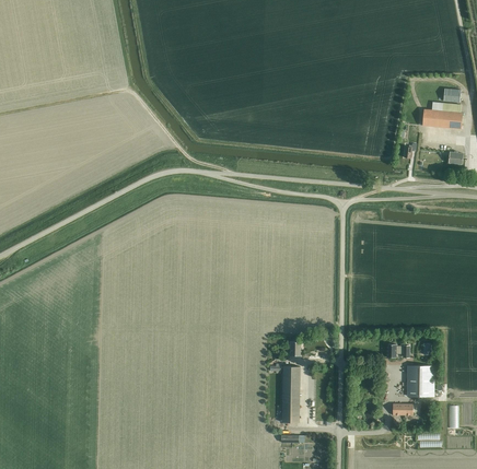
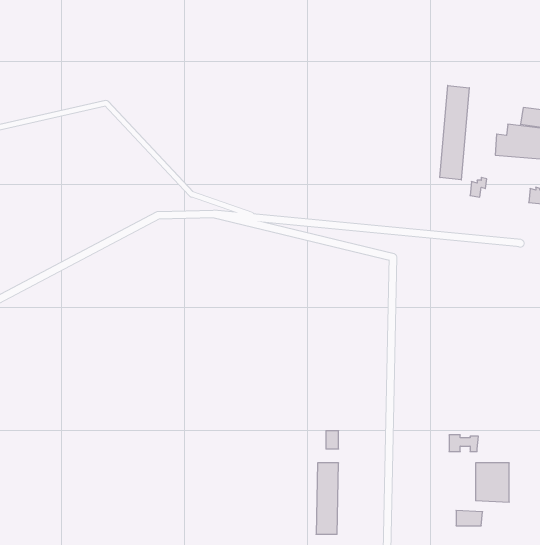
building: none -> [440,85,469,180]

